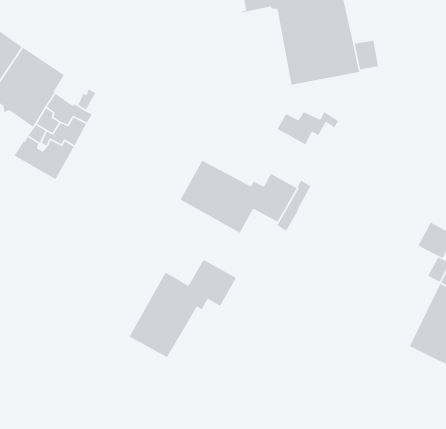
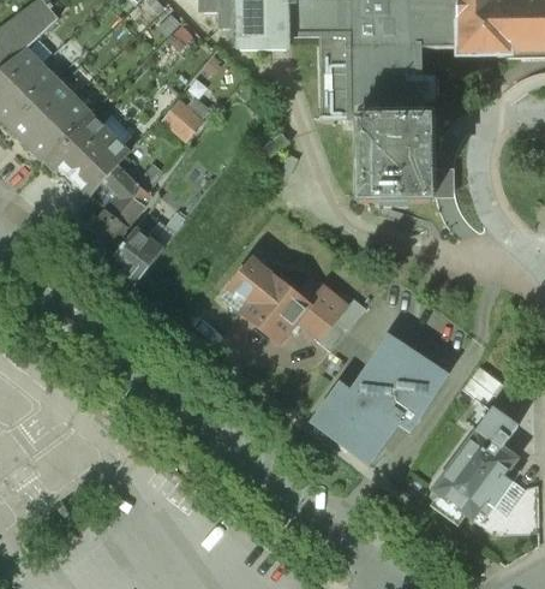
building: none -> [162,93,202,138]
building: [276,111,339,146] -> none
building: none -> [108,214,163,282]
building: none -> [311,333,449,464]
building: [129,259,237,358] -> none

